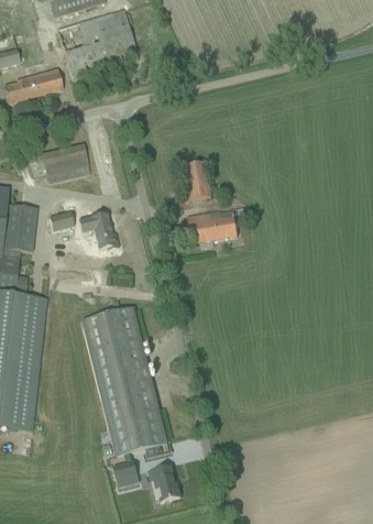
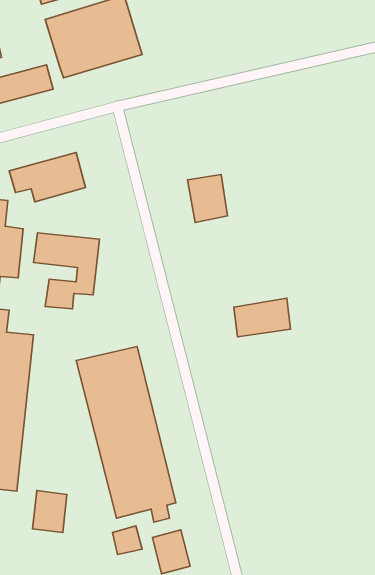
building: [189,209,238,242] -> [234,298,291,337]
building: none -> [33,491,67,533]

